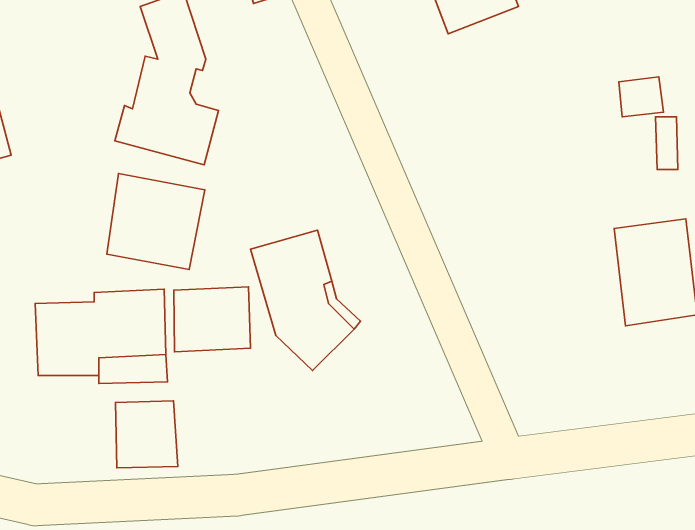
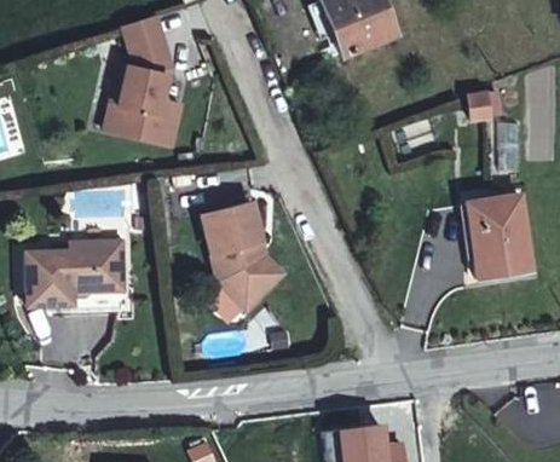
building: [107,173,205,269] -> none
building: [174,287,251,352] -> none
building: [116,401,178,468] -> none

